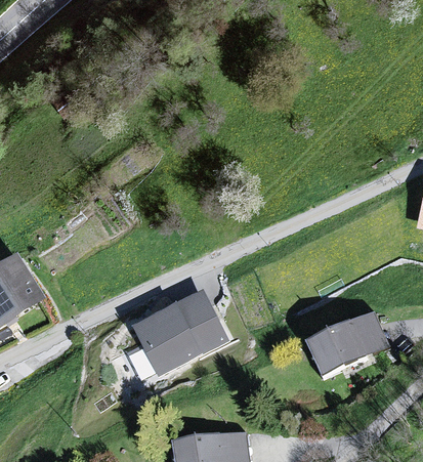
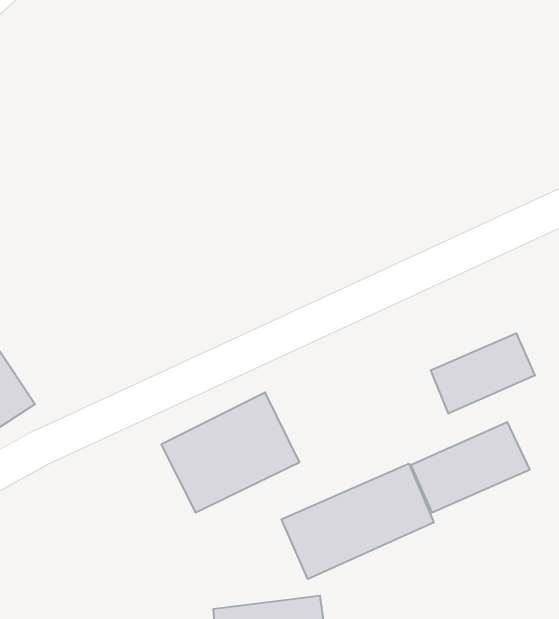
building: none -> [431,333,535,414]
building: none -> [282,464,434,579]

